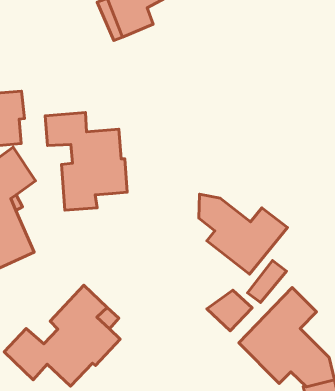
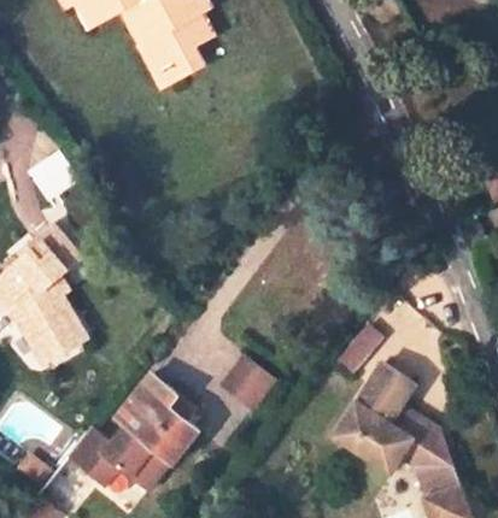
building: [45,112,127,210] -> none
building: [199,194,287,274] -> none
building: [207,290,252,331] -> [224,363,276,410]

